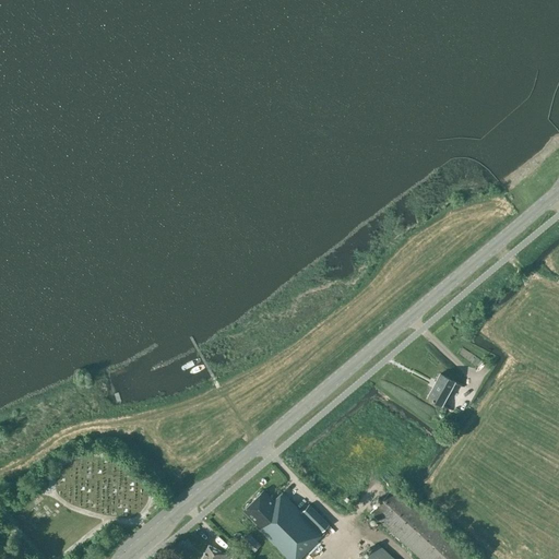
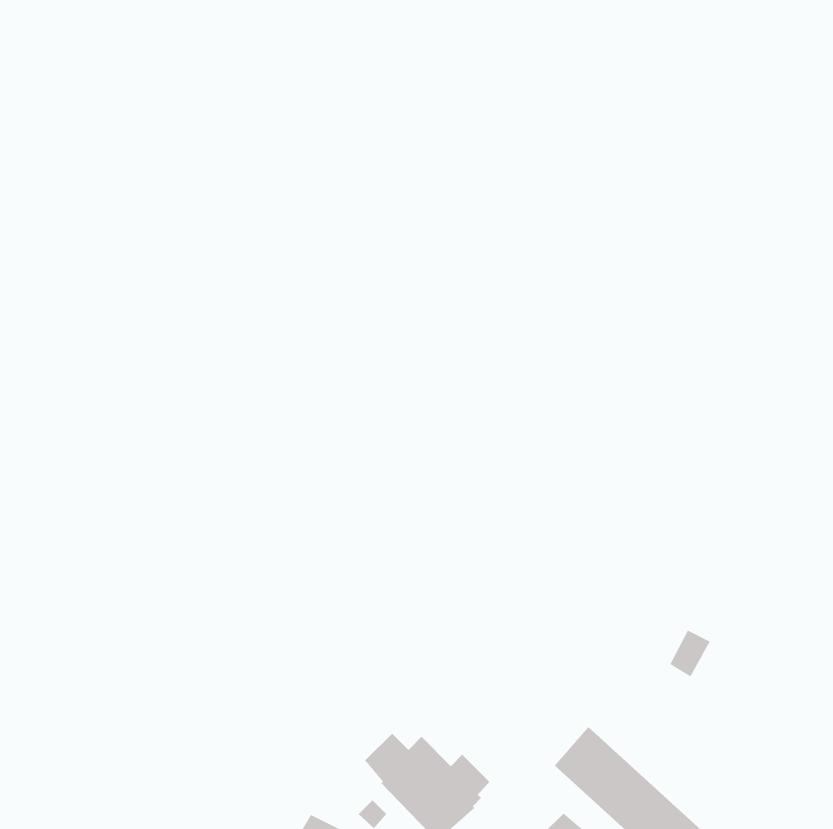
building: [428,377,455,408] -> [670,630,710,677]

